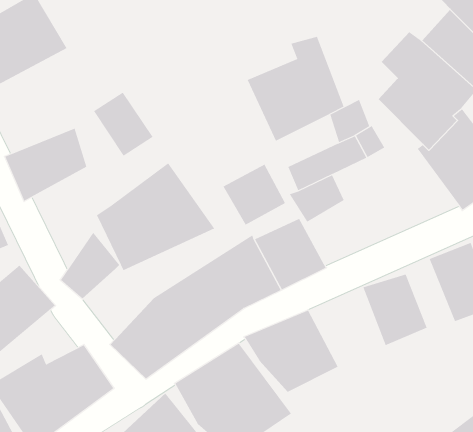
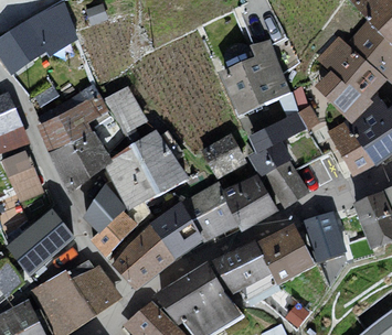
building: none -> [326,120,372,174]
building: none -> [53,133,116,188]
building: none -> [261,158,308,206]
building: none -> [89,208,136,255]
building: none -> [262,221,318,280]

